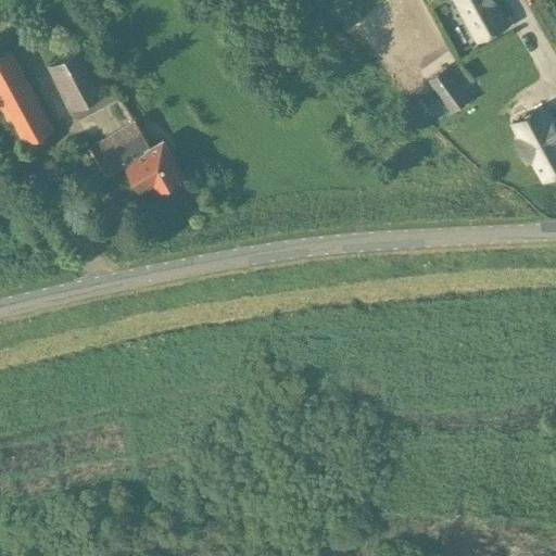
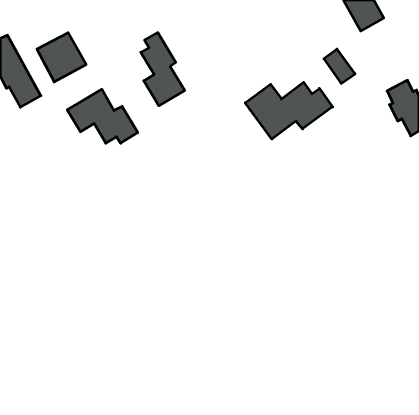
building: none -> [141,33,185,106]
building: none -> [245,82,333,139]

